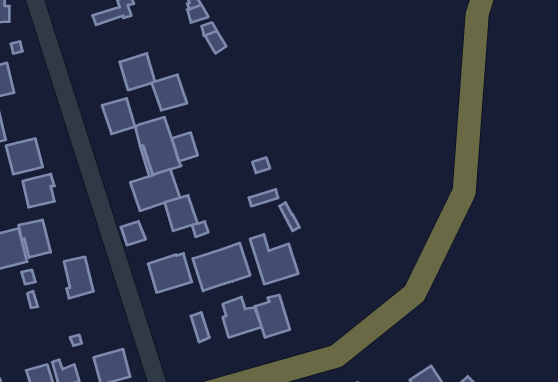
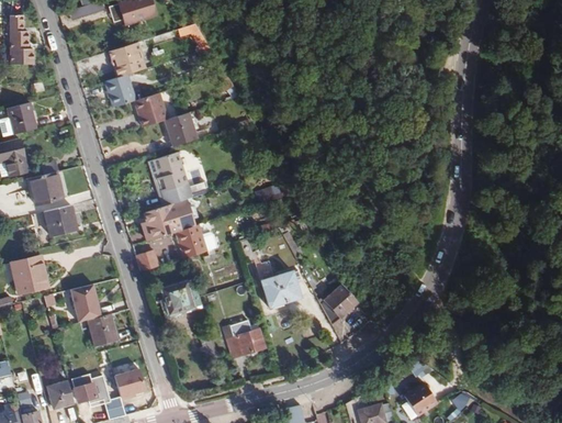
building: [102,98,135,134] -> [104,74,135,107]
building: [19,220,51,258] -> none
building: [193,243,250,291] -> none
building: none -> [319,283,357,323]
building: none -> [87,313,117,345]
building: [255,295,290,338] -> none

